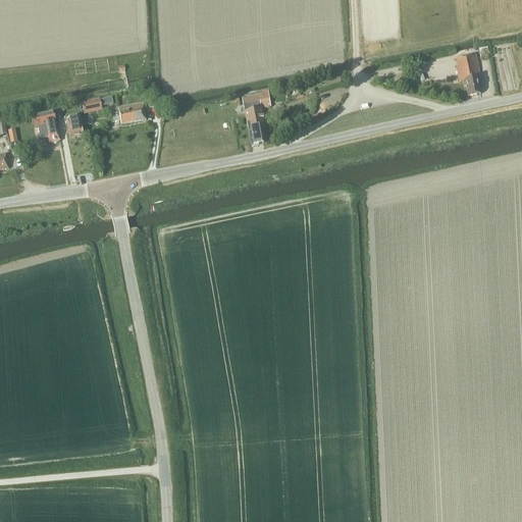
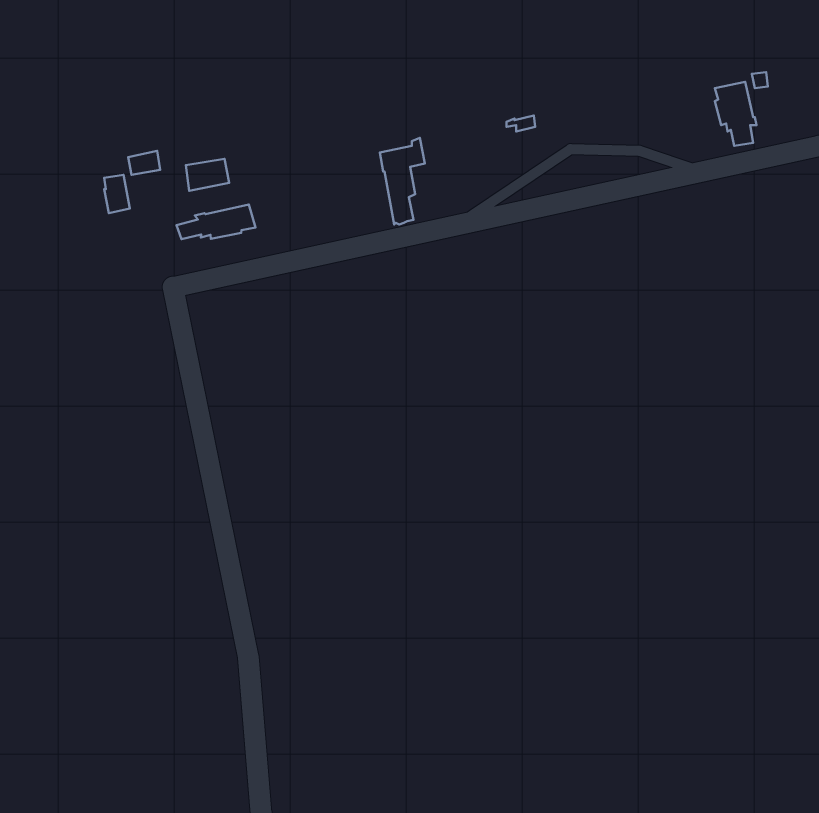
building: [37,113,60,141] -> none
building: none -> [176,204,256,239]

